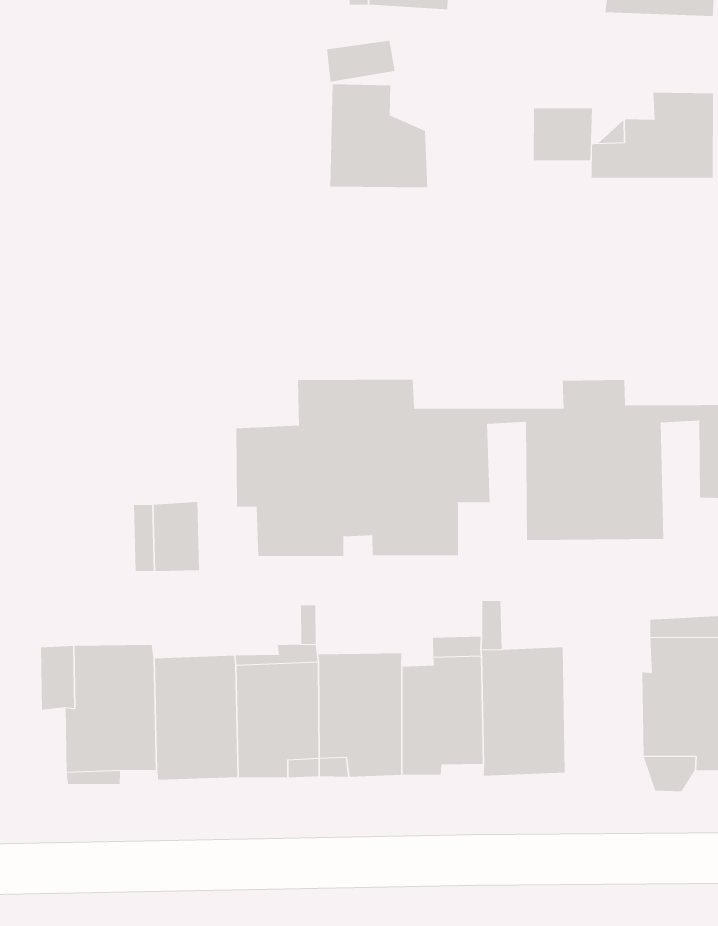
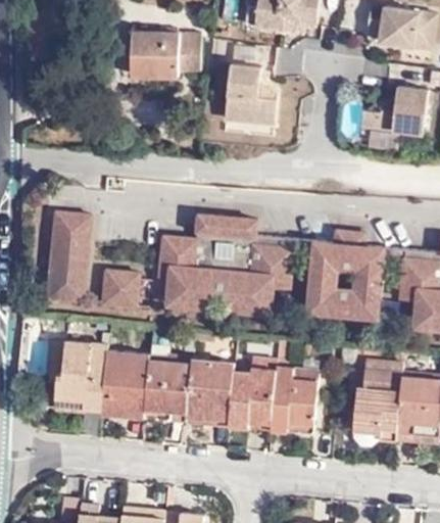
building: none -> [131,33,200,77]
building: [533,108,592,161] -> none
building: none -> [46,212,89,302]

